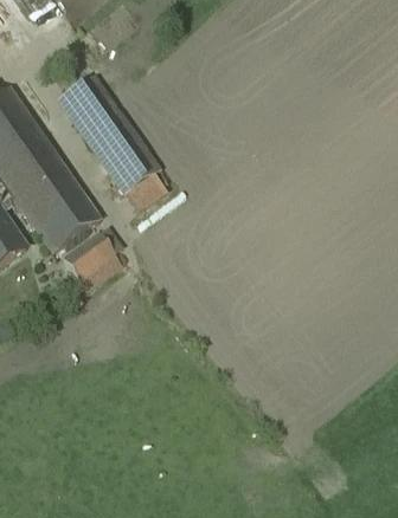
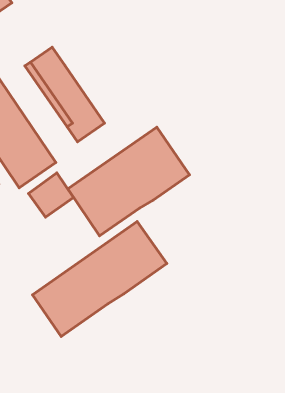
building: none -> [68,127,190,236]
building: none -> [32,221,167,337]

